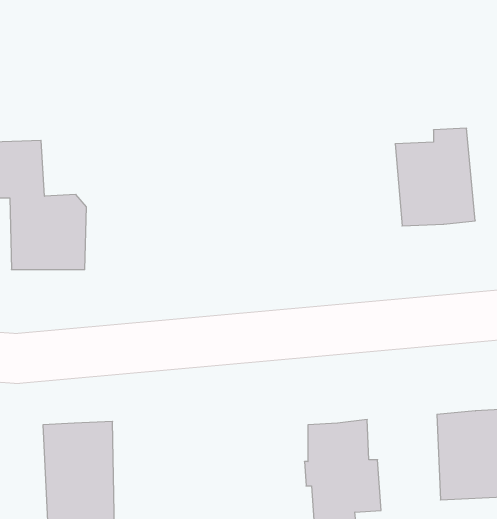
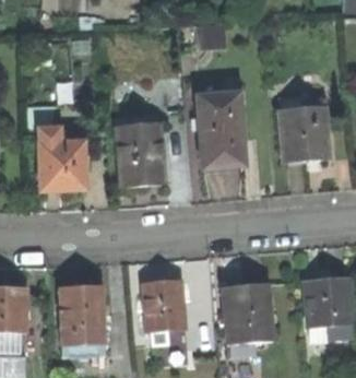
building: none -> [195,92,247,169]
building: none -> [117,116,166,186]
building: none -> [143,280,186,330]

